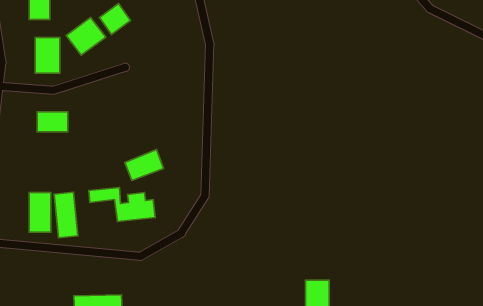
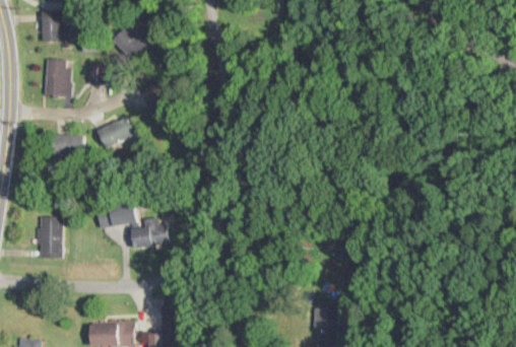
building: [66,17,106,55] -> none
building: [125,150,164,180] -> [96,117,136,148]
building: [54,192,78,238] -> none

